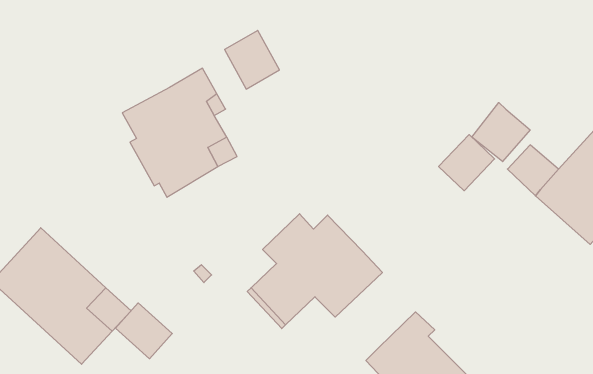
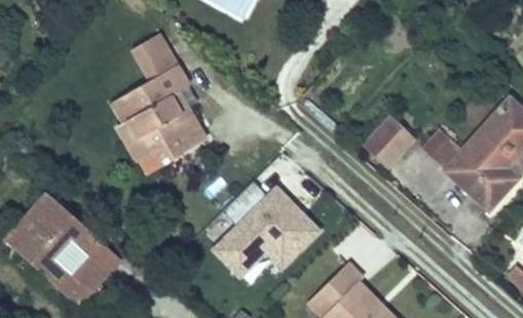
building: [225,30,279,89] -> [133,35,177,82]
building: [472,103,530,162] -> none
building: [115,303,172,359] -> none

